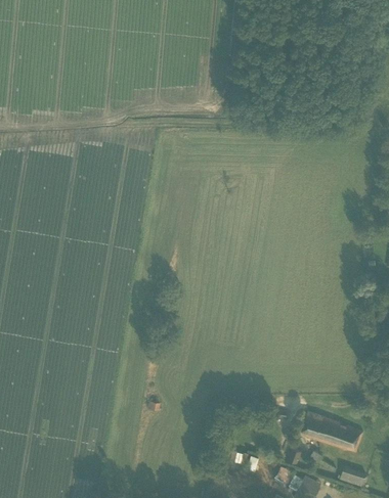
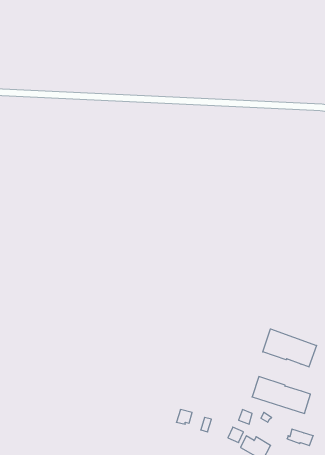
building: none -> [263,329,317,367]

